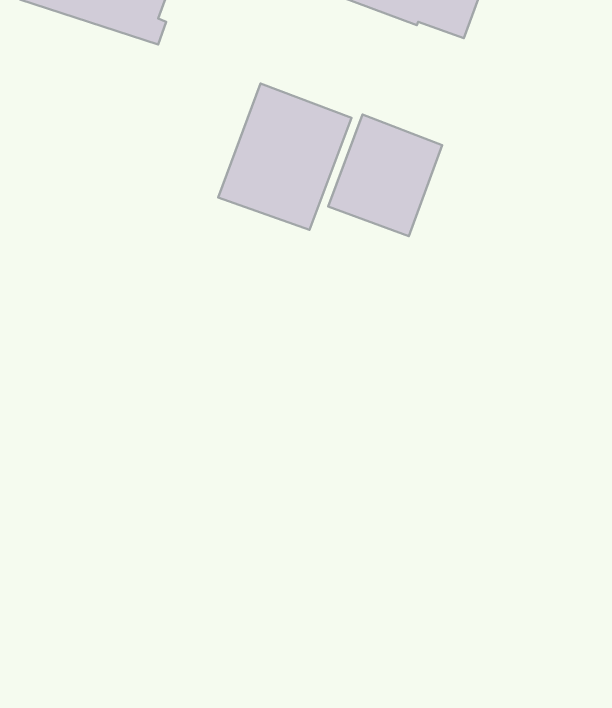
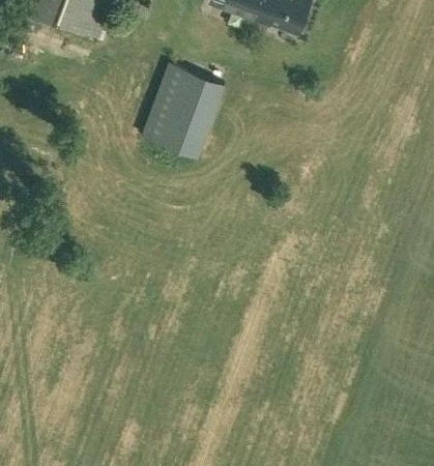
building: [328,115,442,236] -> none

